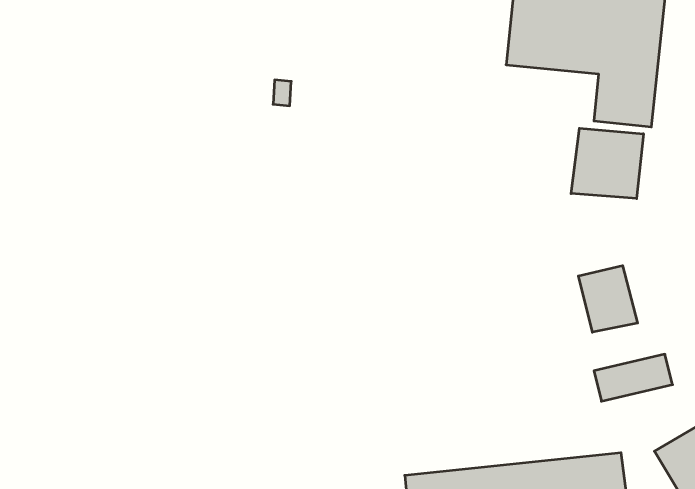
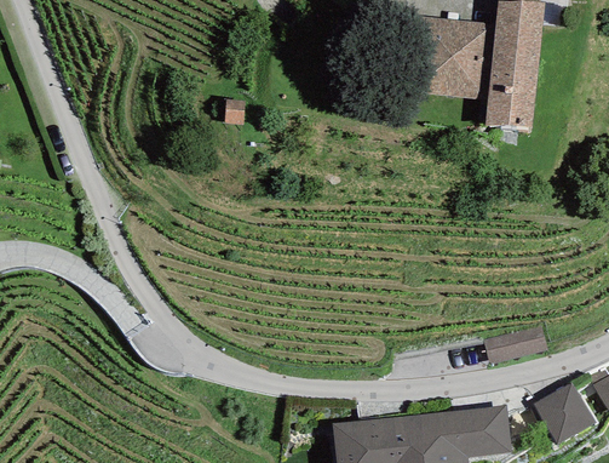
building: [571,128,643,199] -> none
building: [578,266,638,332] -> none

